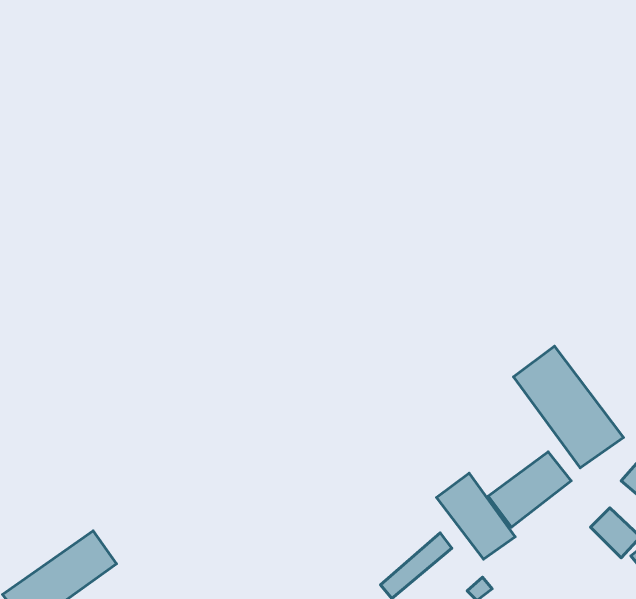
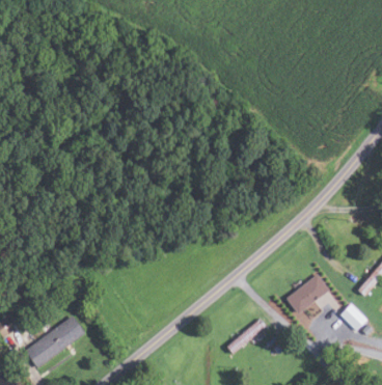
building: [513,346,623,468] -> none
building: [437,473,515,559] -> none

